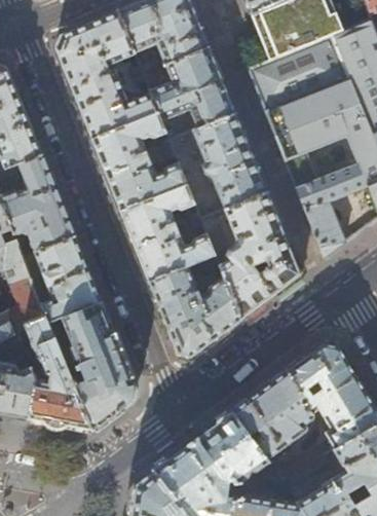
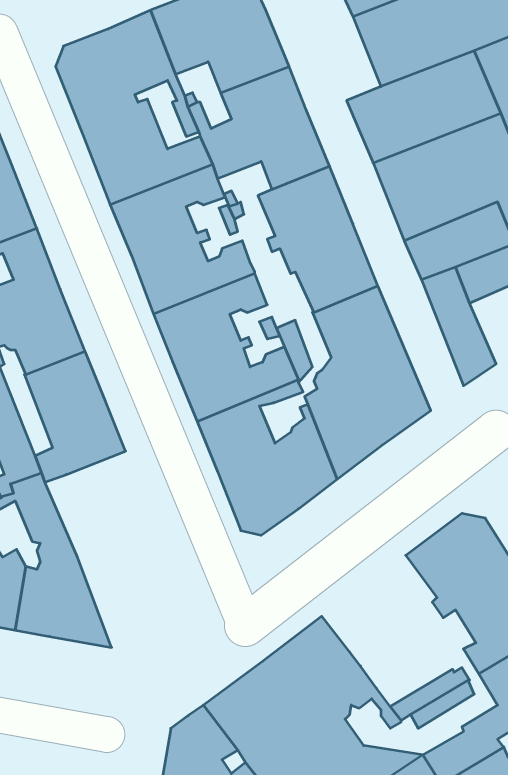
building: [63,301,136,431] -> none
building: [231,370,315,457] -> none

